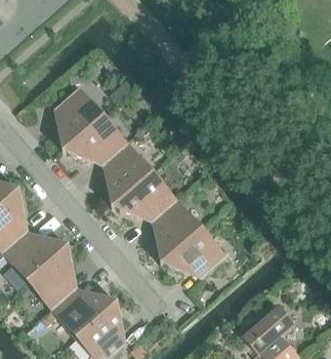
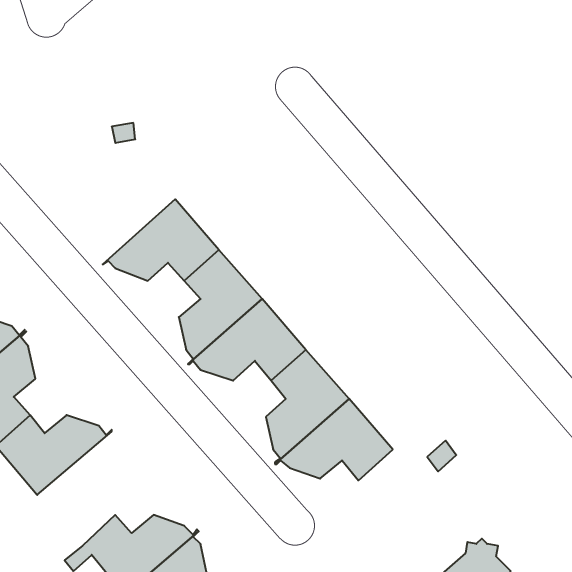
building: [56,86,104,151] -> none
building: [26,245,73,310] -> none

